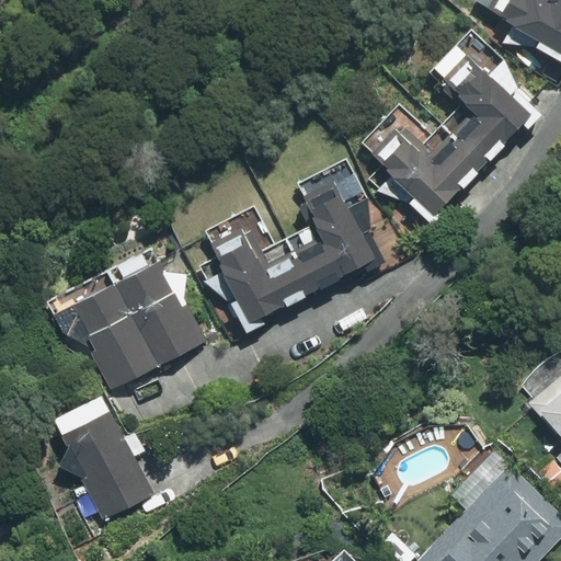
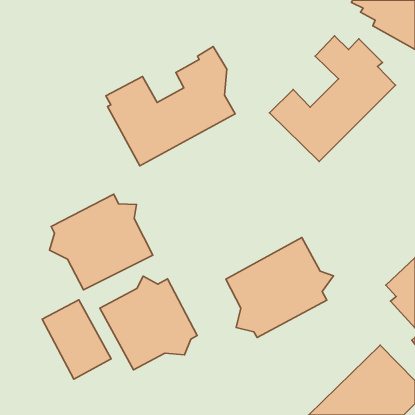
building: [202,167,376,328] -> [106,46,235,166]
building: none -> [226,238,333,338]
building: none -> [100,276,197,370]

